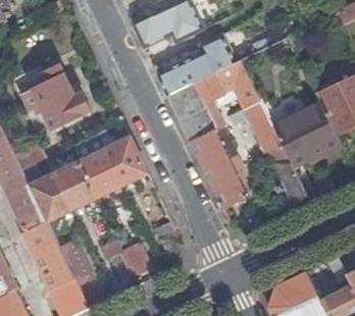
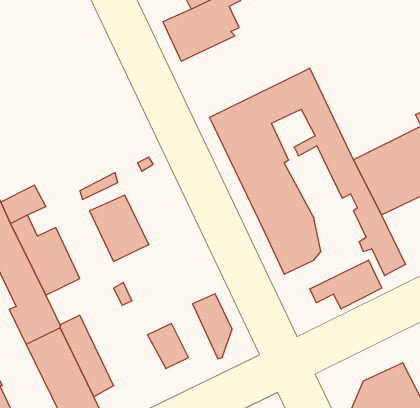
building: [155,34,235,95] -> none
building: [21,67,90,130] -> none
building: [105,139,148,187] -> none
building: [55,162,97,211] -> none
building: none -> [310,260,382,309]

